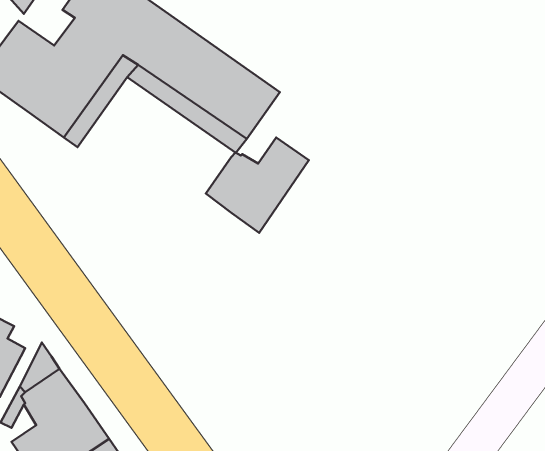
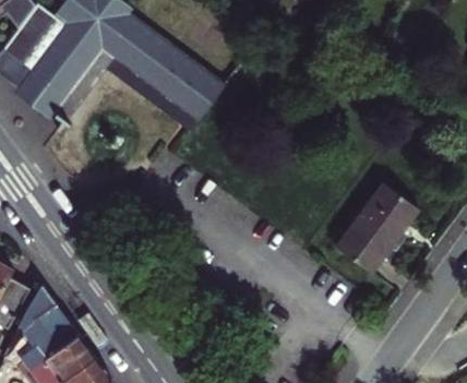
building: [206,137,309,233] -> none
building: none -> [336,182,418,271]

